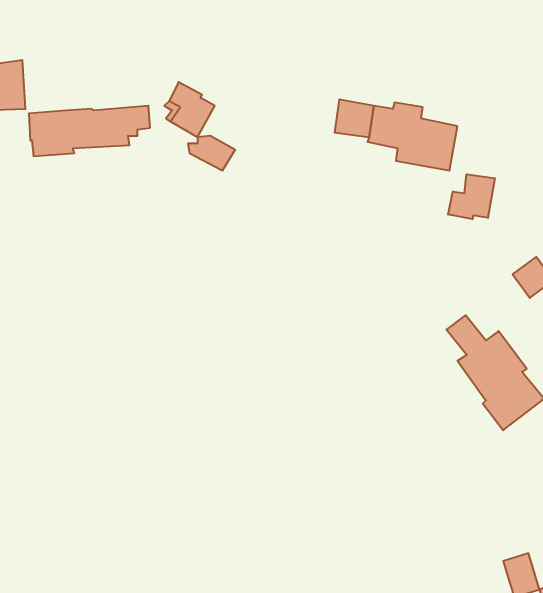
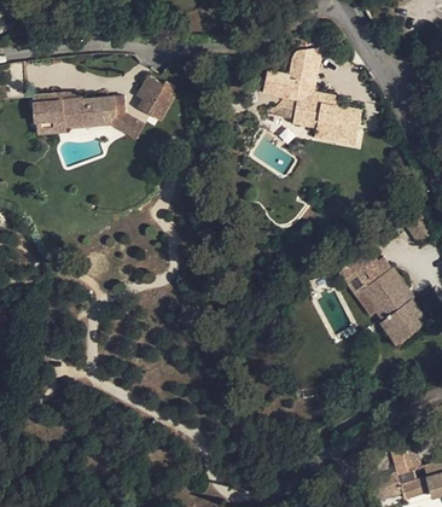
building: none -> [263,42,319,93]
building: [188,136,235,170] -> [109,112,145,139]
building: [448,174,495,219] -> none

